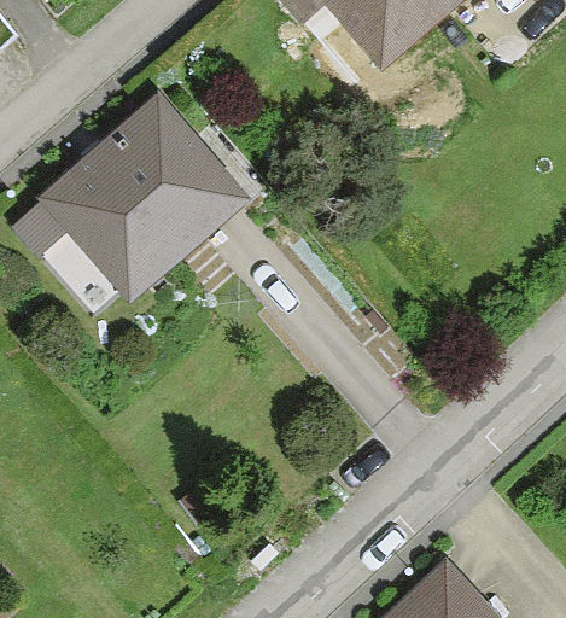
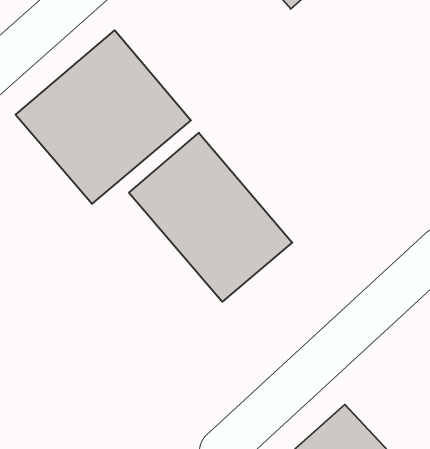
building: none -> [129,133,292,302]

